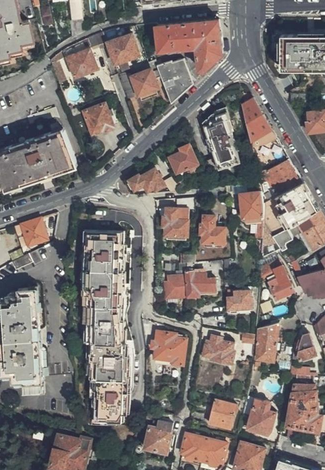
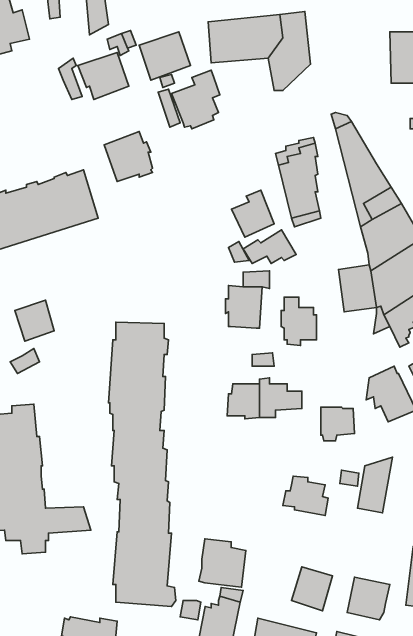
building: [156,60,192,105] -> none
building: [128,168,164,191] -> [243,230,296,263]
building: [154,331,186,364] -> [199,539,246,587]

